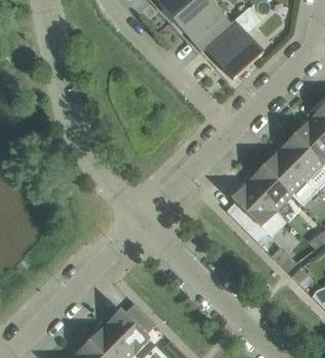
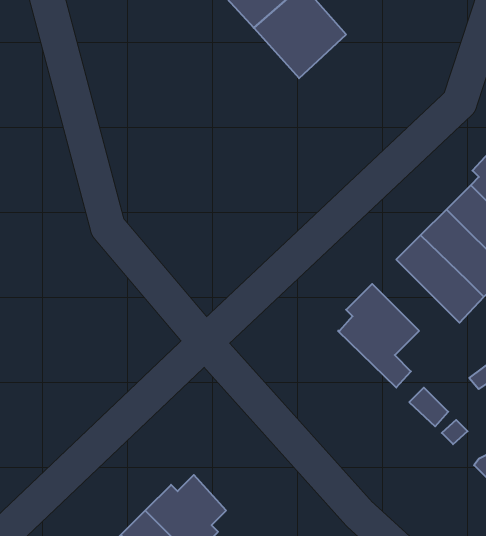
building: [201,8,263,79] -> none
building: [247,166,292,211] -> none

